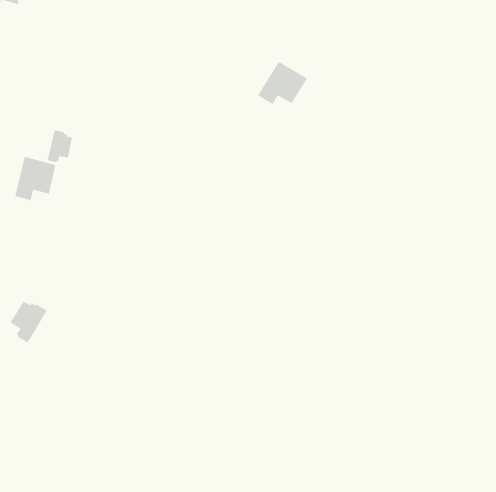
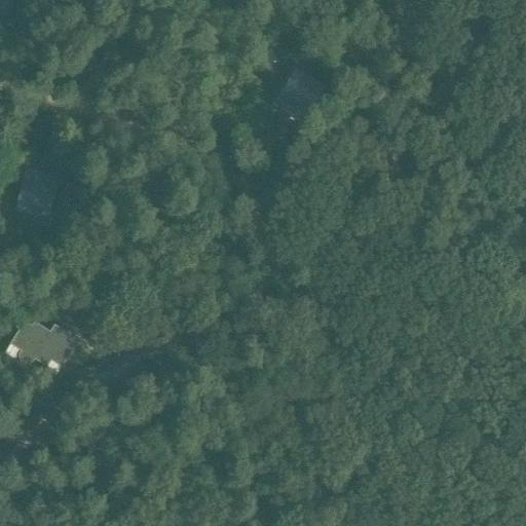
building: [47,129,73,163] -> none
building: none -> [34,322,76,365]

